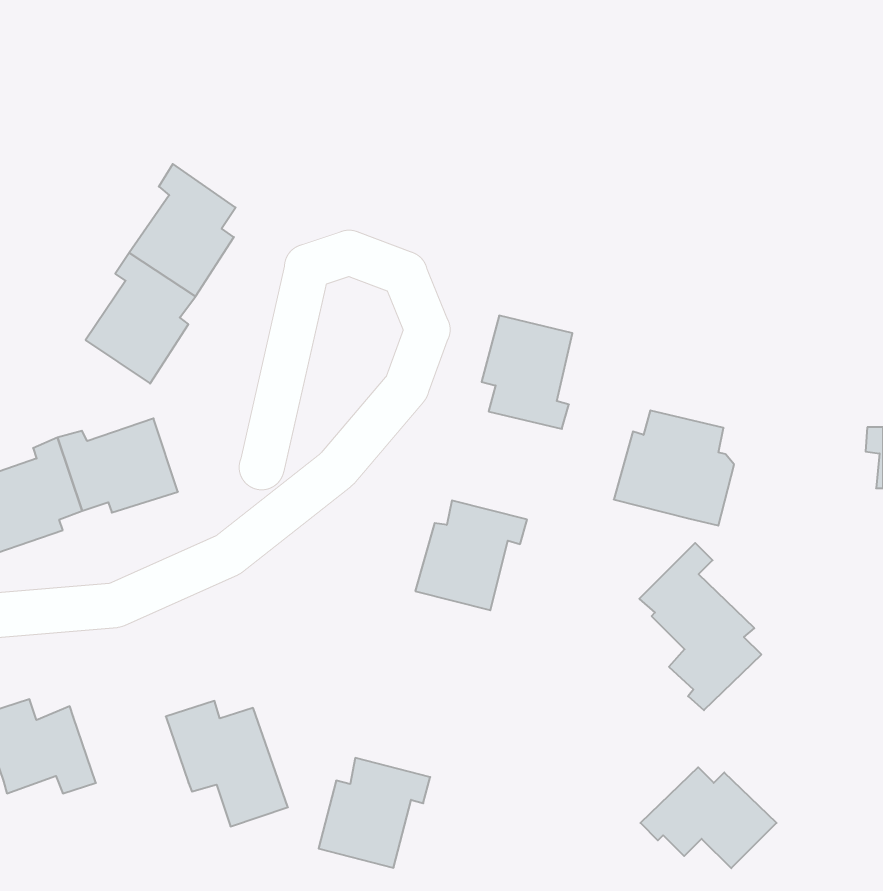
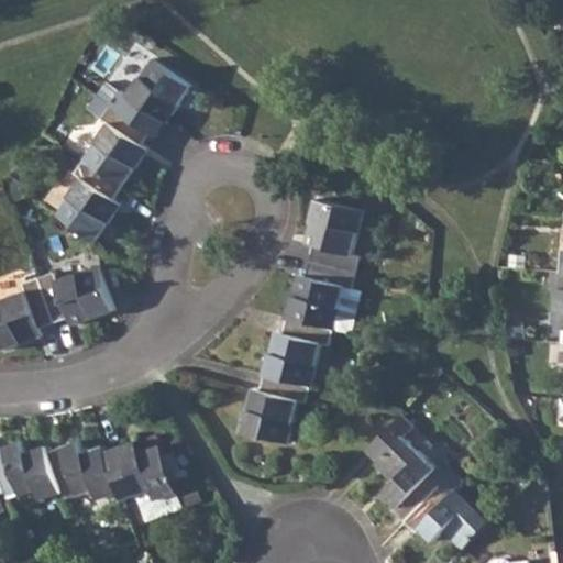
building: none -> [109,59,189,131]
building: [614,410,734,526] -> [285,260,361,332]
building: [639,543,761,710] -> [363,413,440,519]
building: none -> [46,442,119,501]
building: [319,758,430,868] -> [239,373,309,442]

